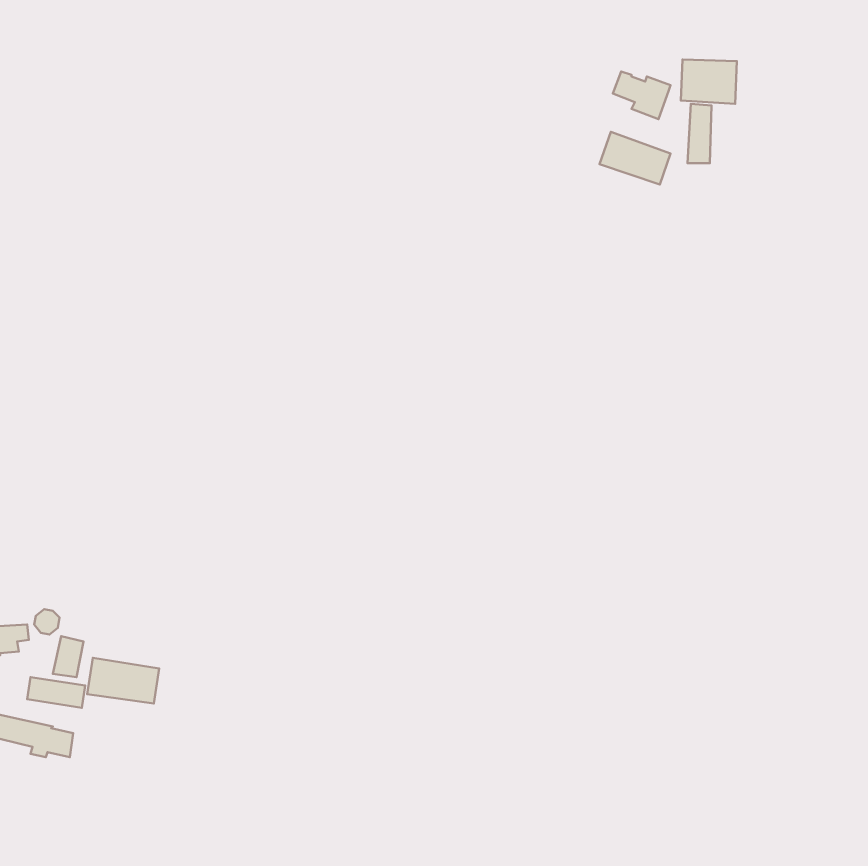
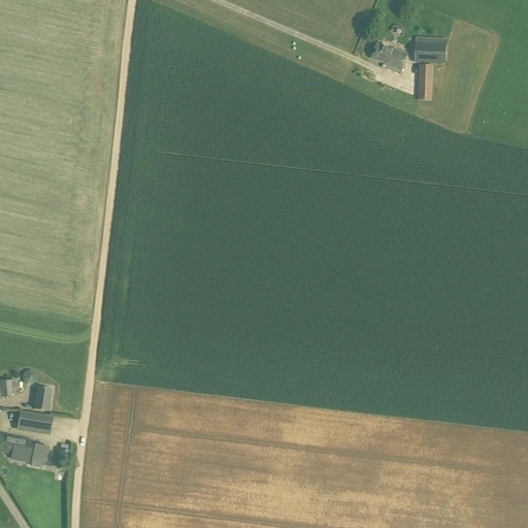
building: [599,132,671,185] -> none
building: [87,658,159,704] -> none

